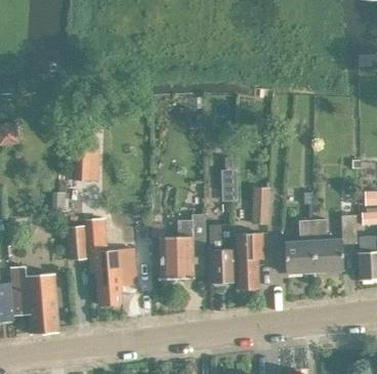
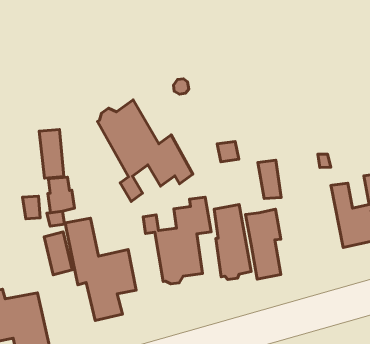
building: none -> [98,100,193,201]
building: [284,219,315,275] -> none

